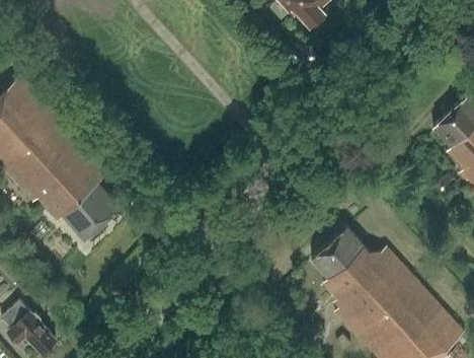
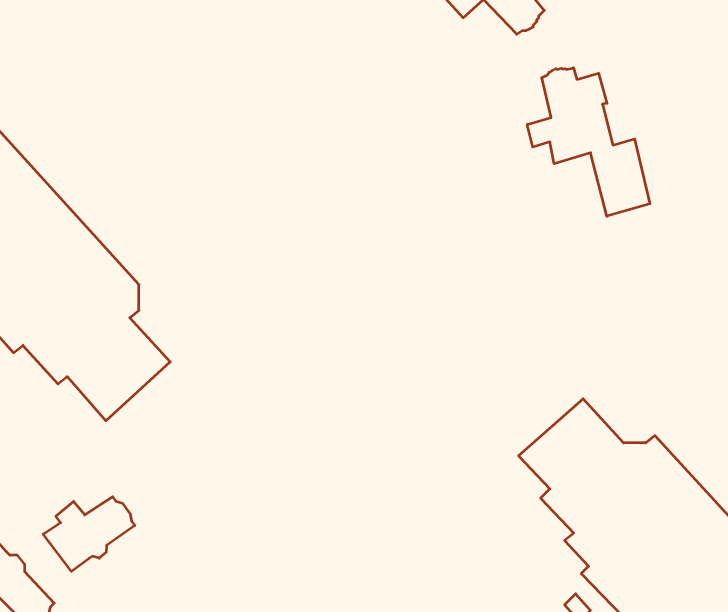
building: none -> [527,68,650,216]
building: none -> [43,497,135,571]

